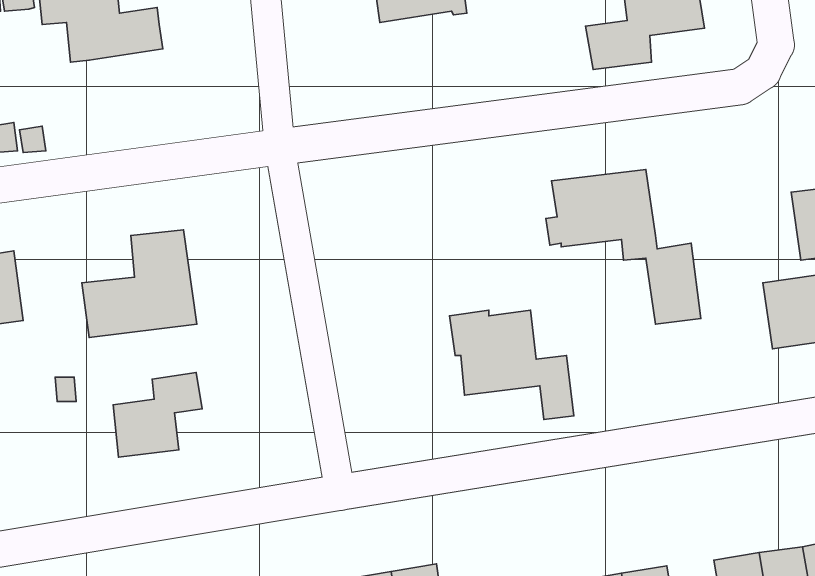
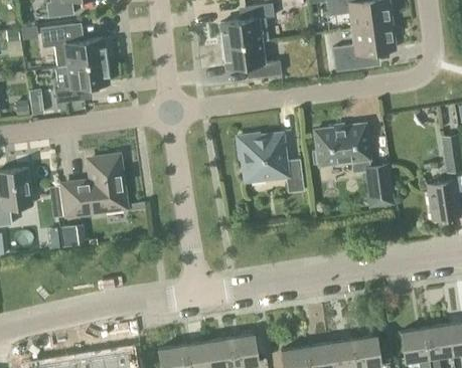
building: none -> [222,40,282,77]
building: none -> [54,60,109,104]
building: [449,310,574,420] -> [238,135,304,193]
building: [113,373,202,457] -> none

